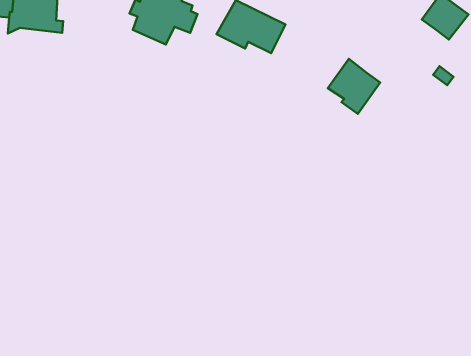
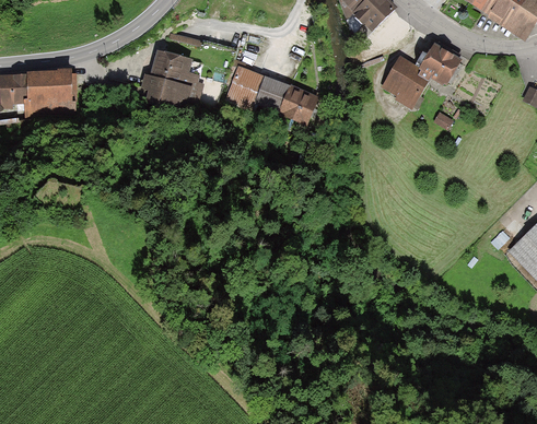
building: none -> [278,84,317,123]
building: [328,59,380,114] -> [382,56,431,107]

